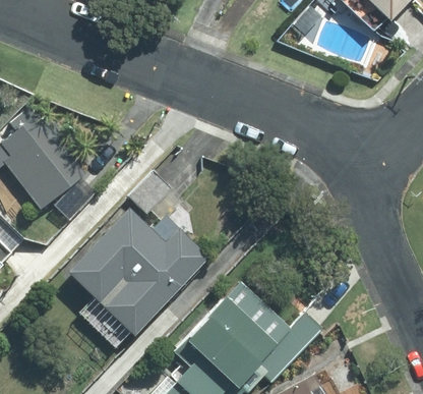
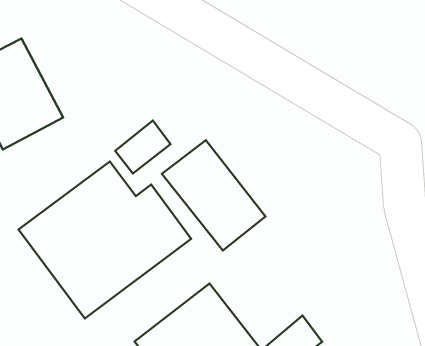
building: none -> [162,140,266,251]

